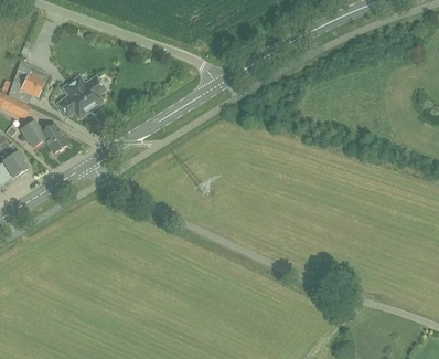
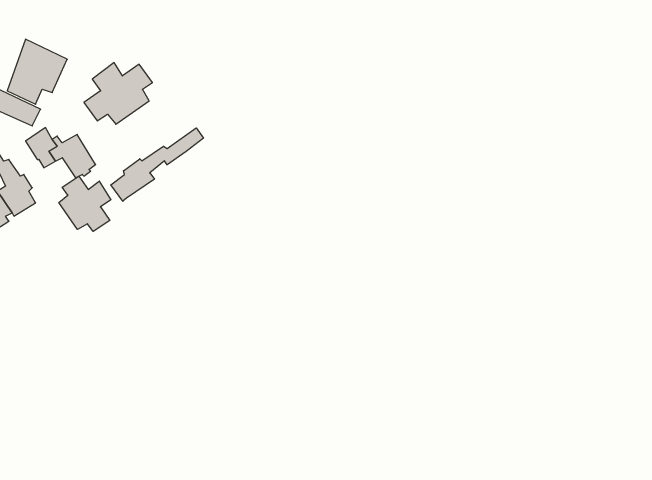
building: none -> [111,128,203,201]
building: none -> [59,176,111,231]

